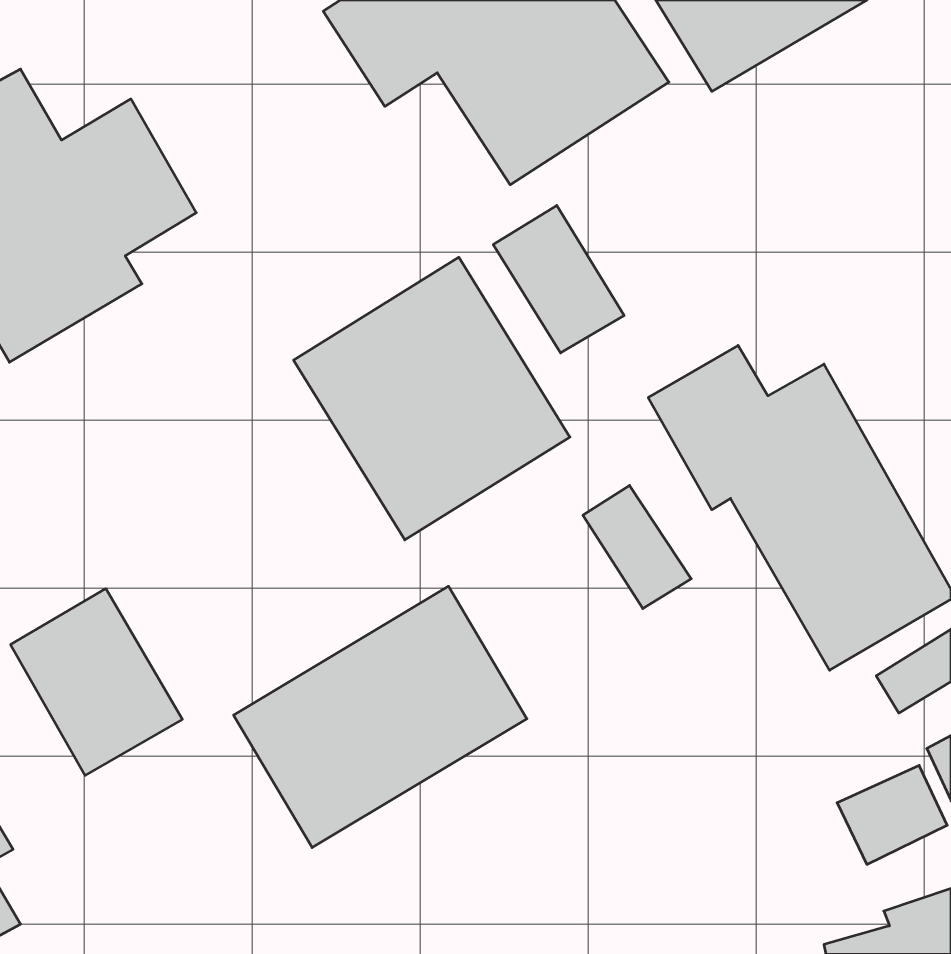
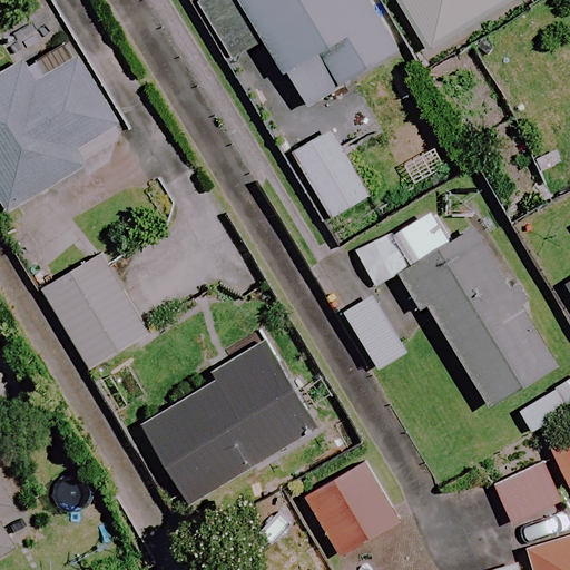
building: [294,257,570,540] -> none
building: [11,589,182,775] -> [43,261,146,372]
building: none -> [307,466,394,556]

